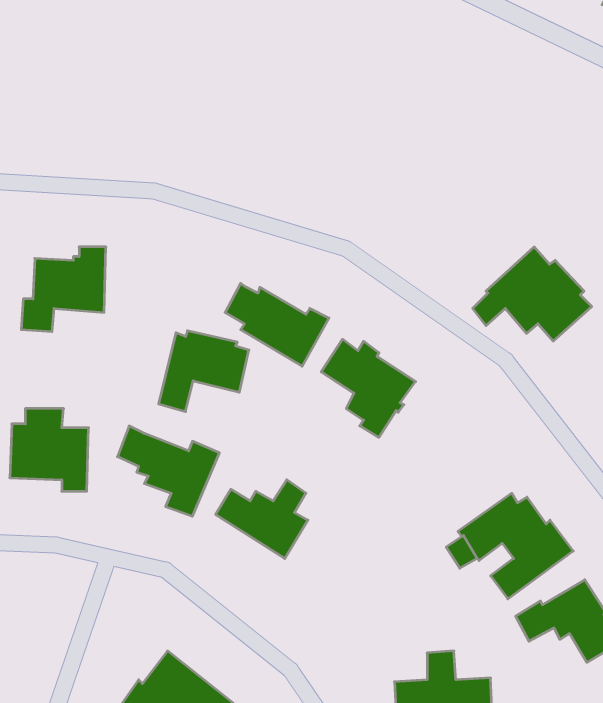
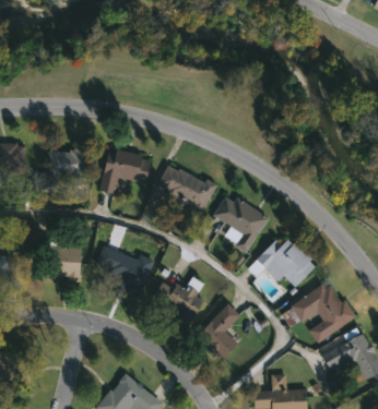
building: [473,247,592,341] -> [248,233,316,287]
building: [159,331,249,412] -> [98,148,150,194]
building: none -> [198,303,239,358]

